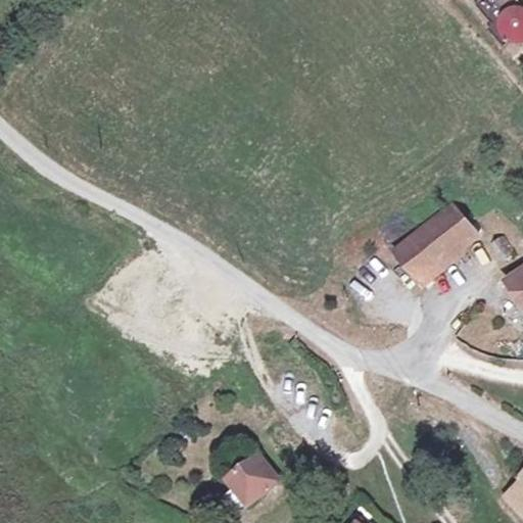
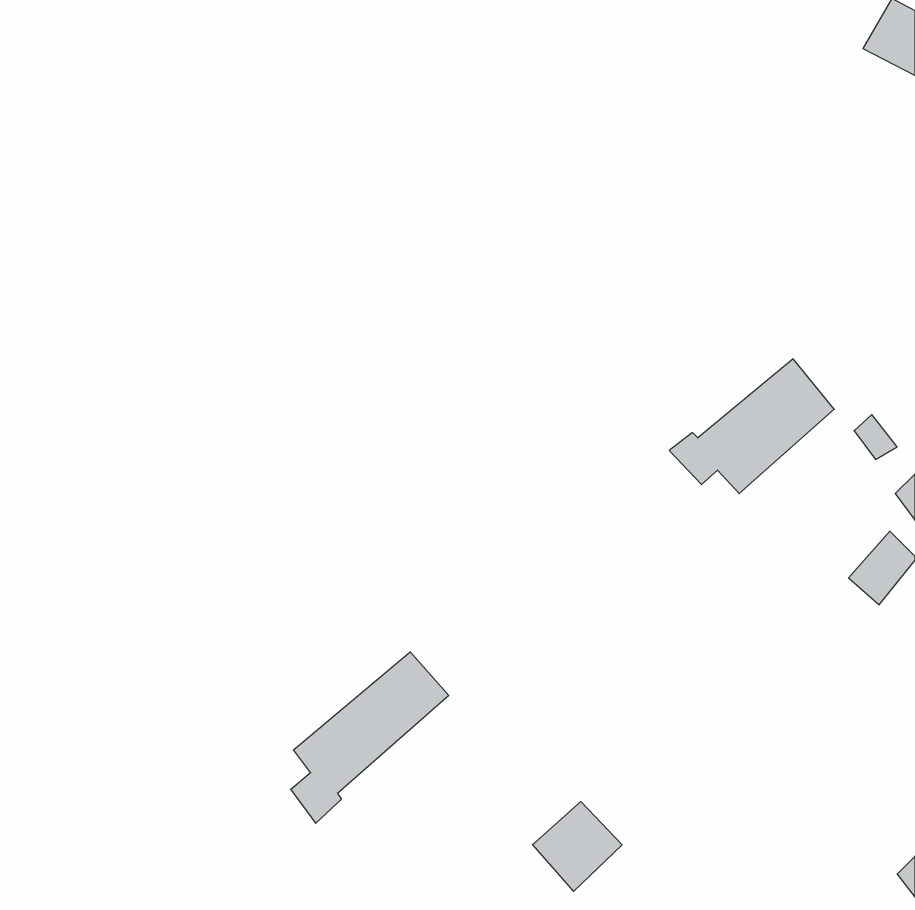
building: none -> [291,652,449,823]
building: [234,455,285,506] -> [532,802,622,891]

